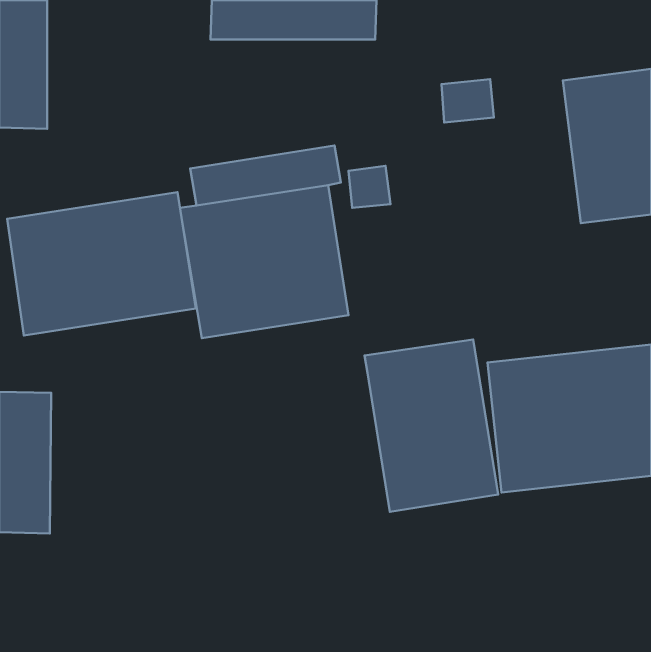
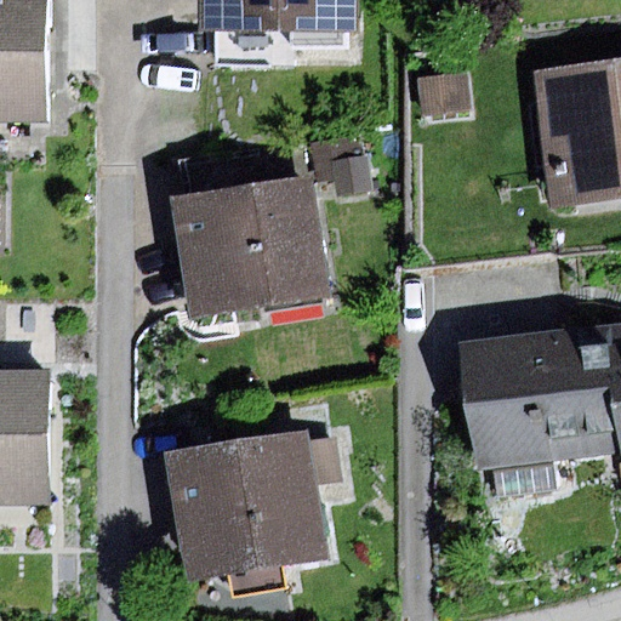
building: [7,192,196,336] -> none
building: [365,339,498,512] -> none
building: none -> [163,431,341,577]

